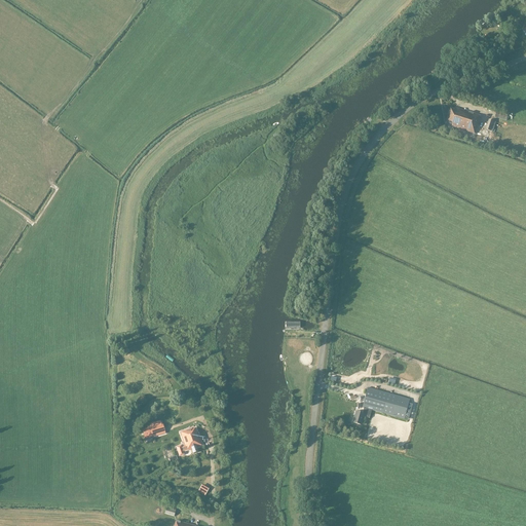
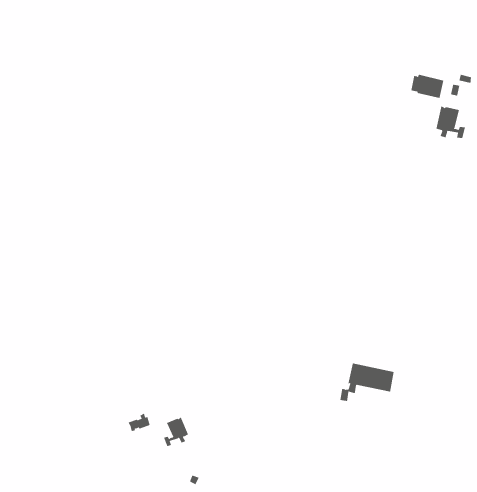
building: none -> [436,105,465,139]

